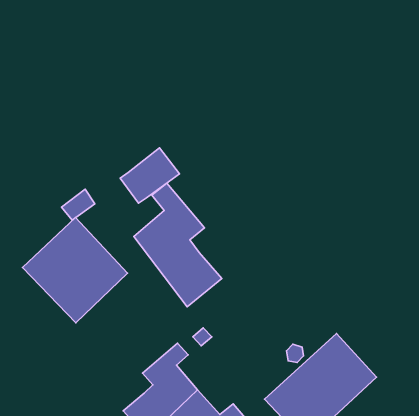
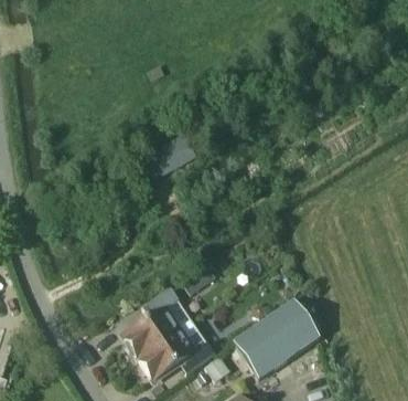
building: [134,183,222,307] -> none
building: [22,218,128,323] -> none

